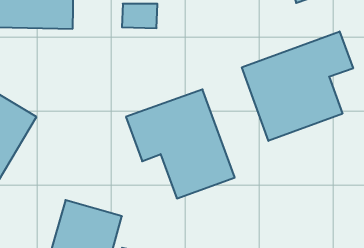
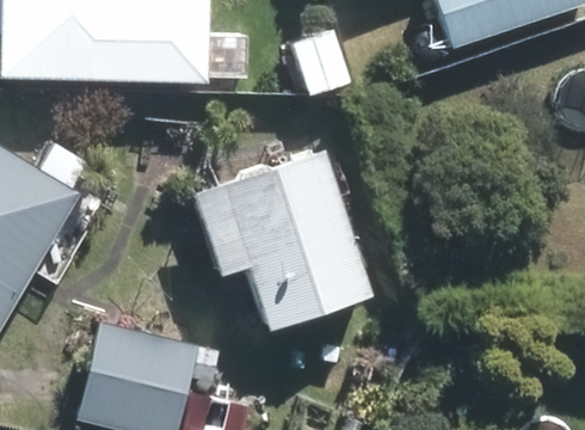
building: [242,31,353,141] -> none

